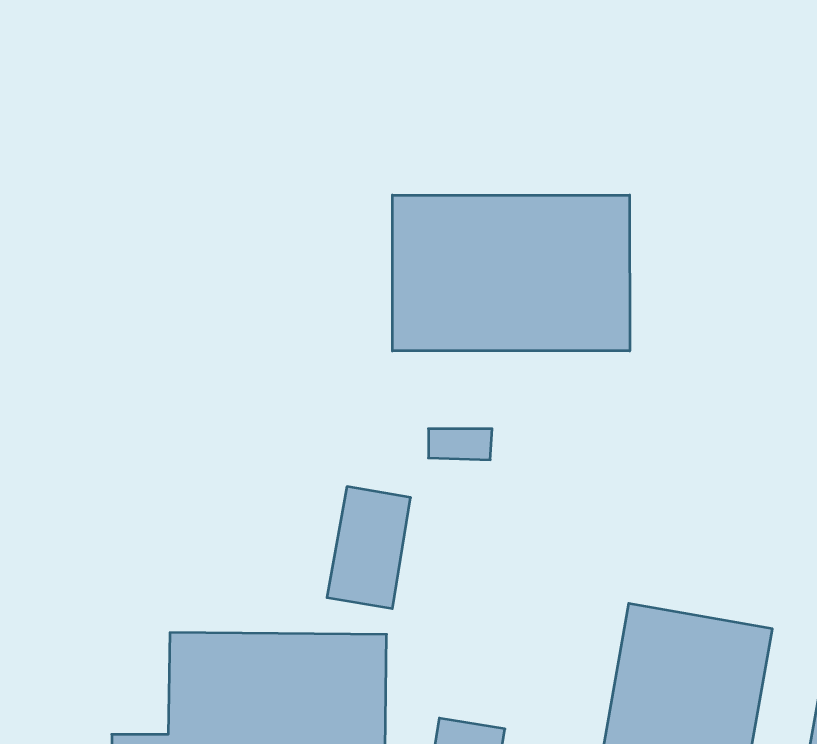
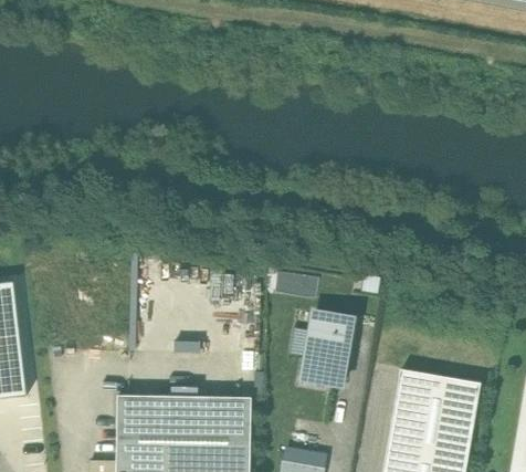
building: [392,195,630,351] -> none
building: [327,487,411,609] -> [303,310,354,384]

